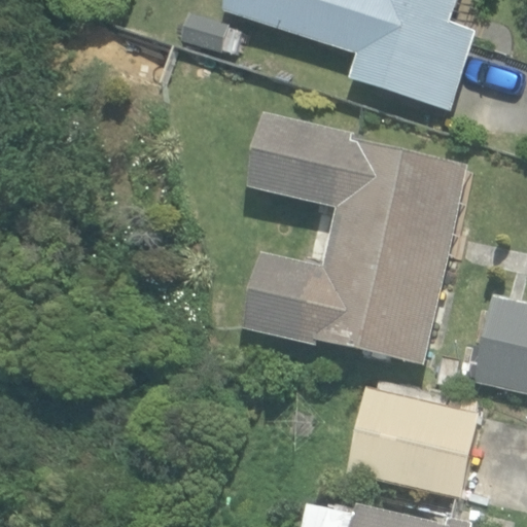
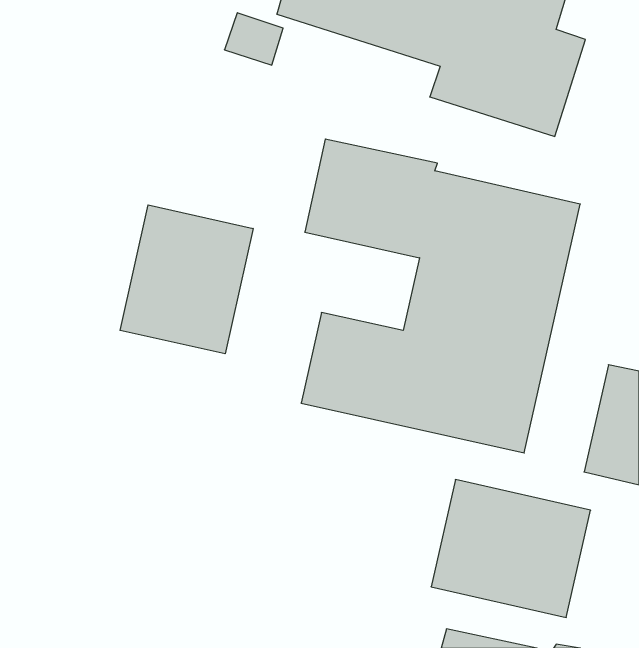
building: none -> [120,205,253,354]

